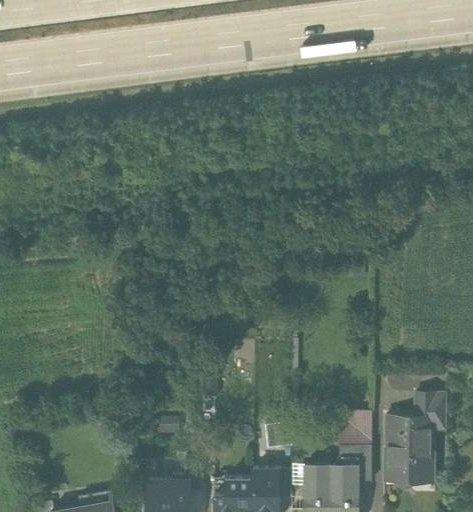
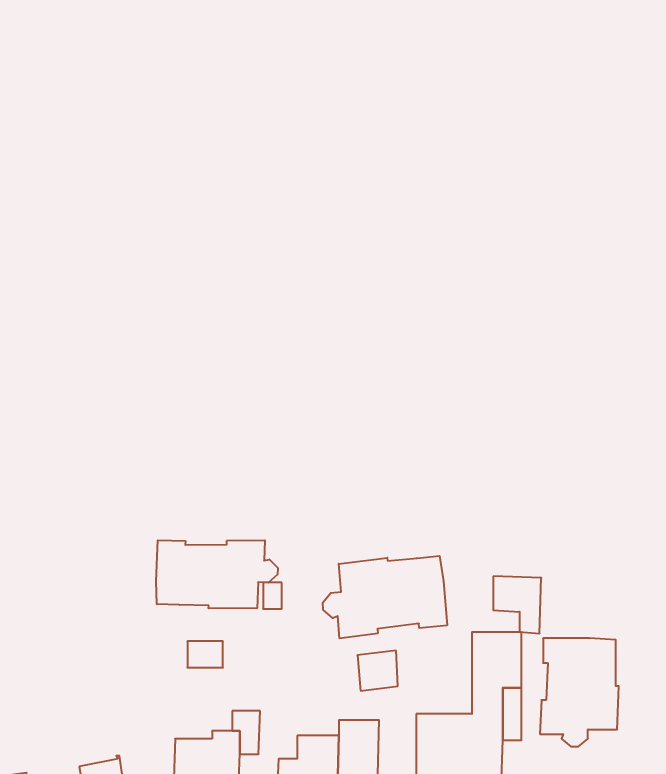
building: none -> [156,540,278,608]
building: none -> [323,556,447,638]
building: [415,394,446,431] -> [493,576,541,633]

